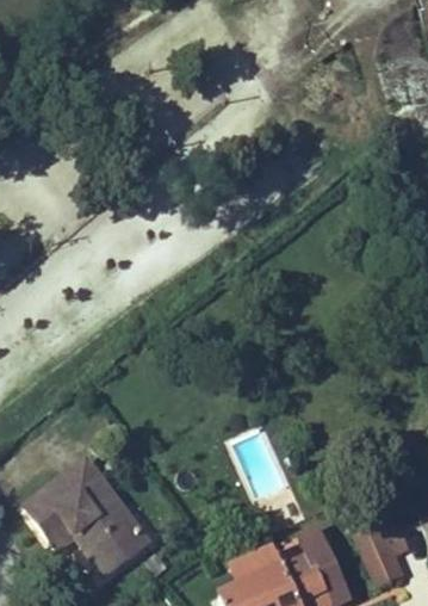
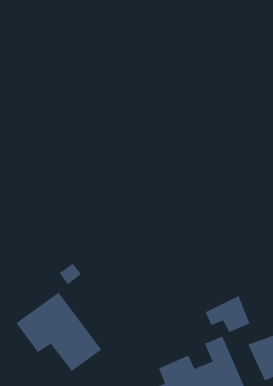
building: none -> [205,295,250,333]

